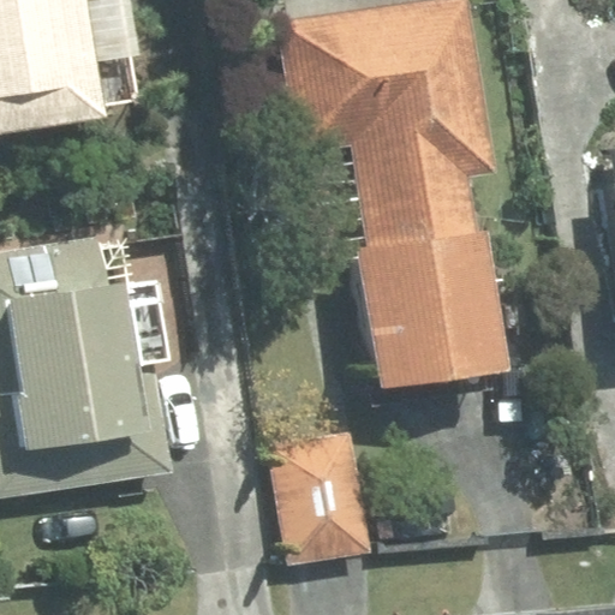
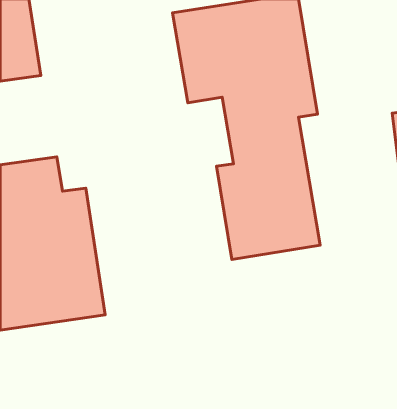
building: [271,431,376,565] -> none

